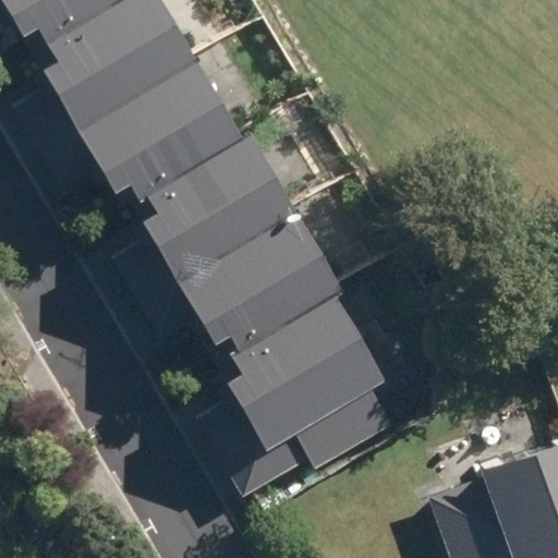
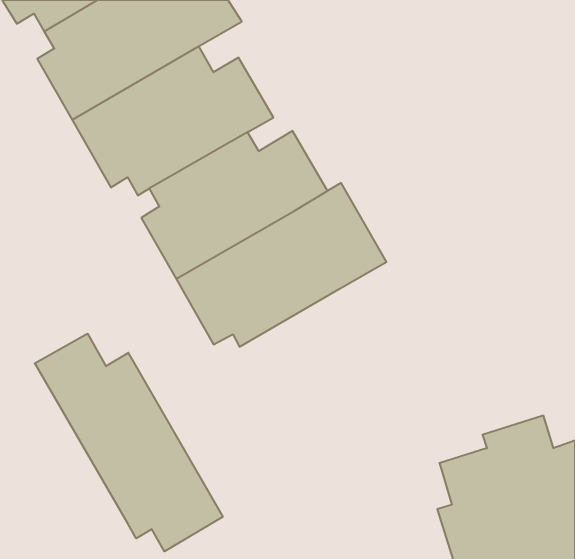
building: [217,296,387,481] -> none
building: none -> [35,334,223,551]

